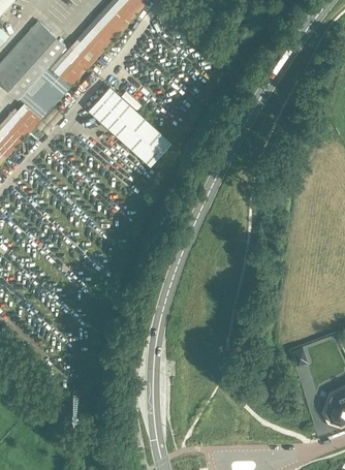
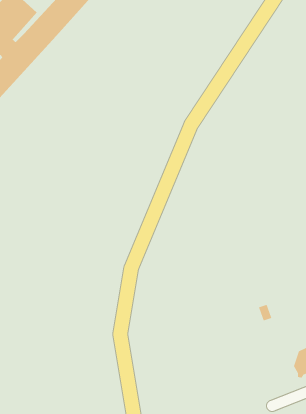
building: [89,87,171,165] -> none

